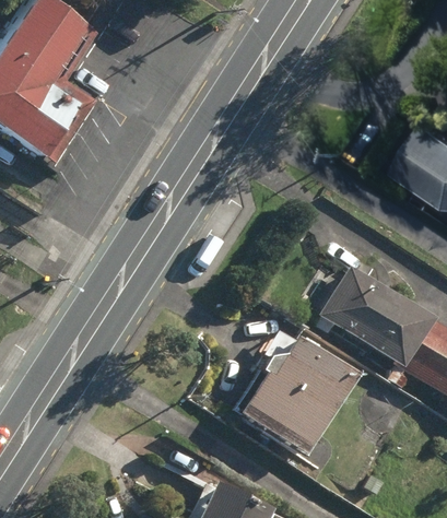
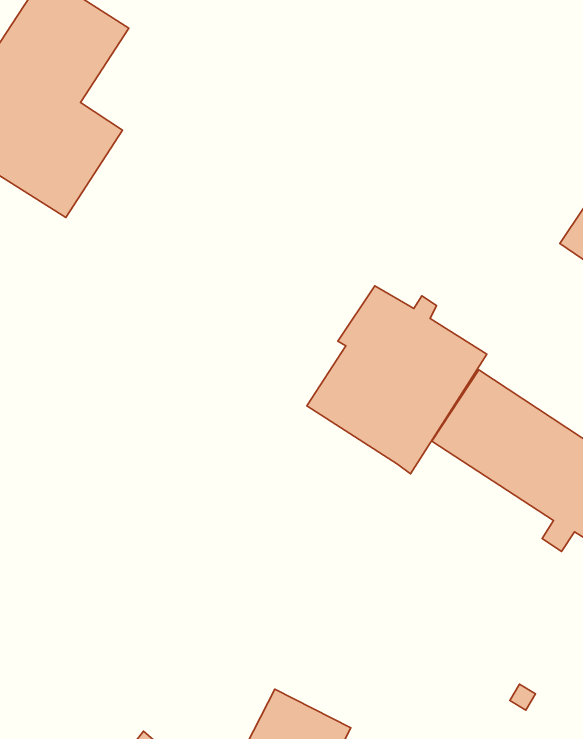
building: [231,330,352,457] -> [307,286,487,474]

